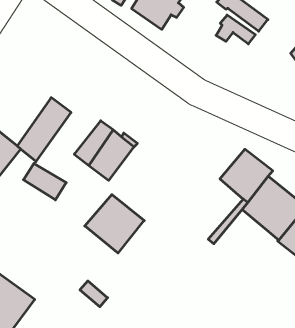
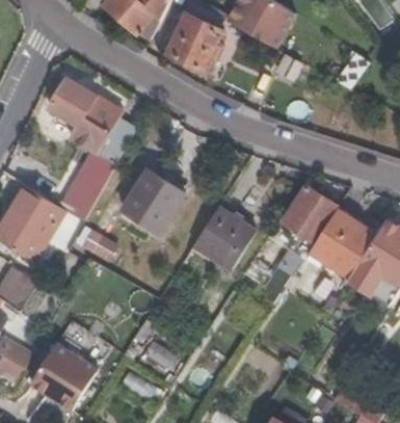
building: none -> [45,78,134,166]
building: [85,195,144,253] -> [192,209,255,270]

